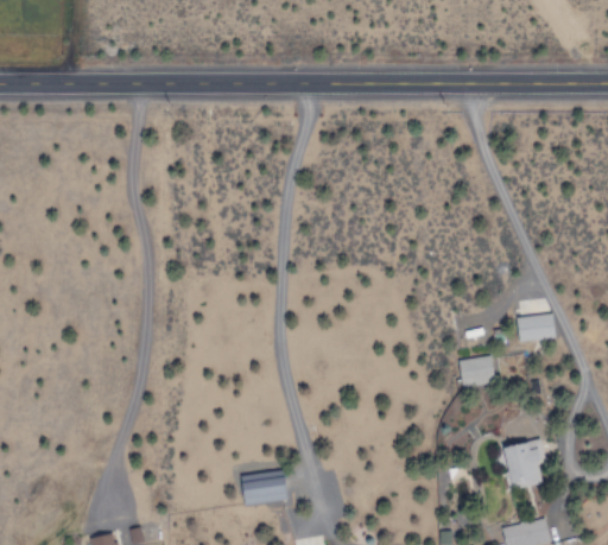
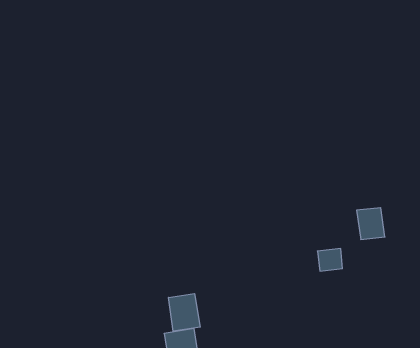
building: none -> [169,294,200,331]
building: [504,442,543,484] -> none

